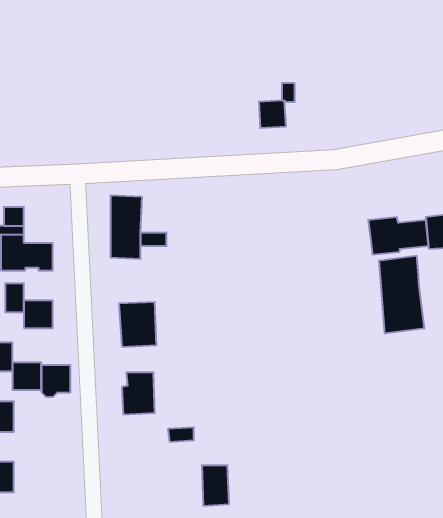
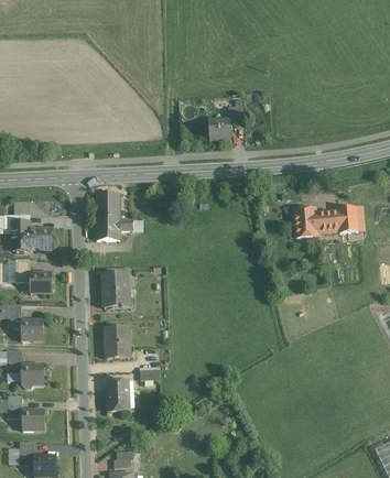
building: [379,256,424,334] -> none
building: [42,365,70,397] -> [22,363,44,388]
building: [202,465,229,506] -> [108,380,129,411]
building: none -> [22,409,44,430]

